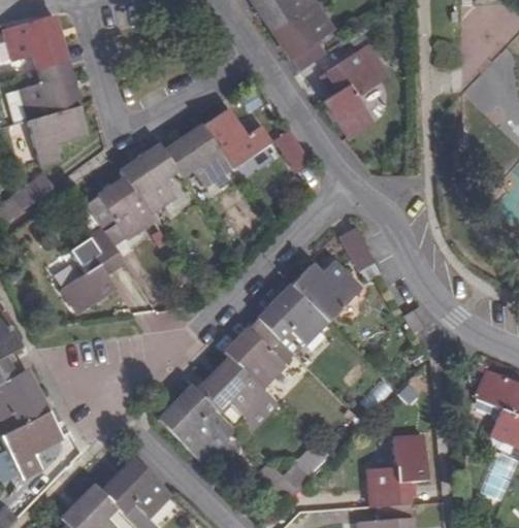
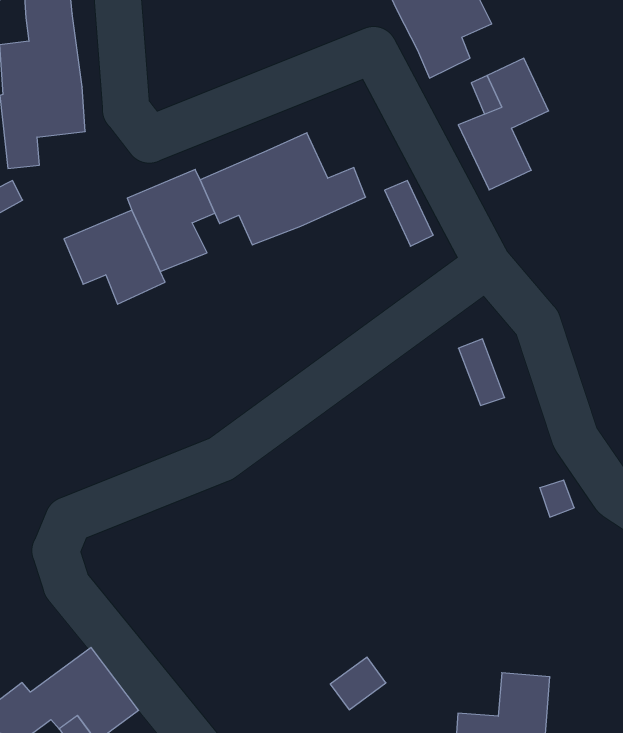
building: [58,232,119,316] -> none
building: [158,264,361,454] -> none

